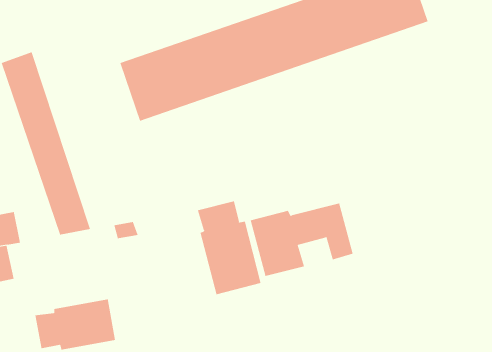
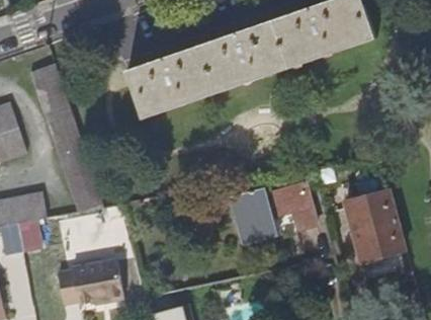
building: [197,200,261,295] -> none
building: none -> [344,187,406,261]

